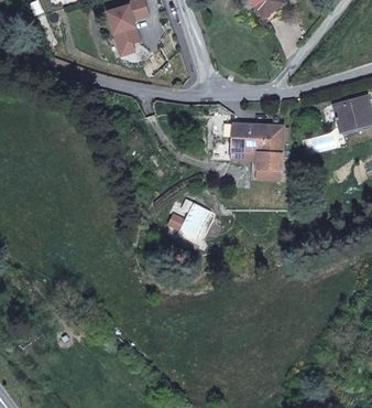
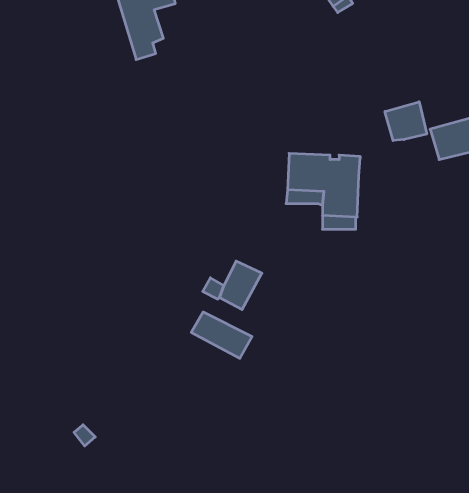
building: none -> [385,102,427,141]
building: none -> [191,312,252,358]

